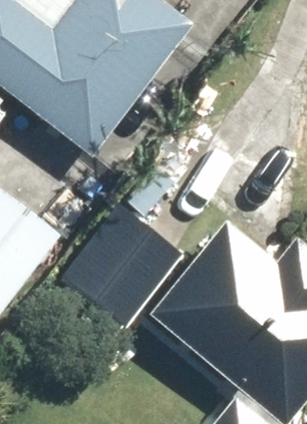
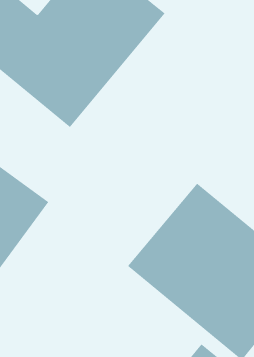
building: [52,205,178,335] -> none

